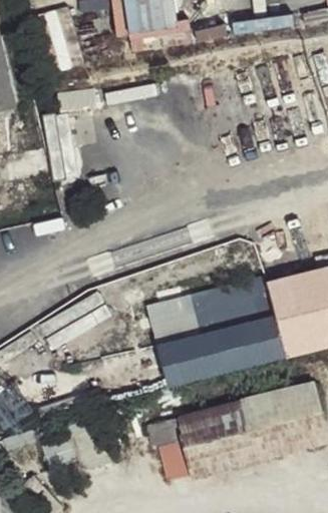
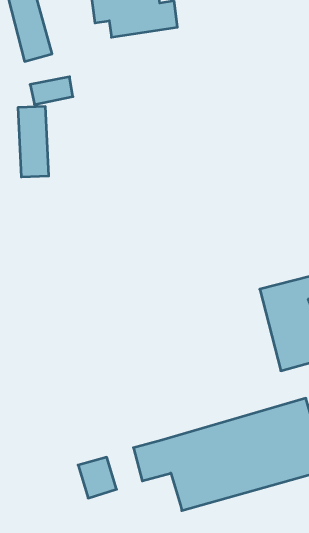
building: [149,273,288,385] -> none
building: [161,448,197,485] -> [78,457,117,498]

